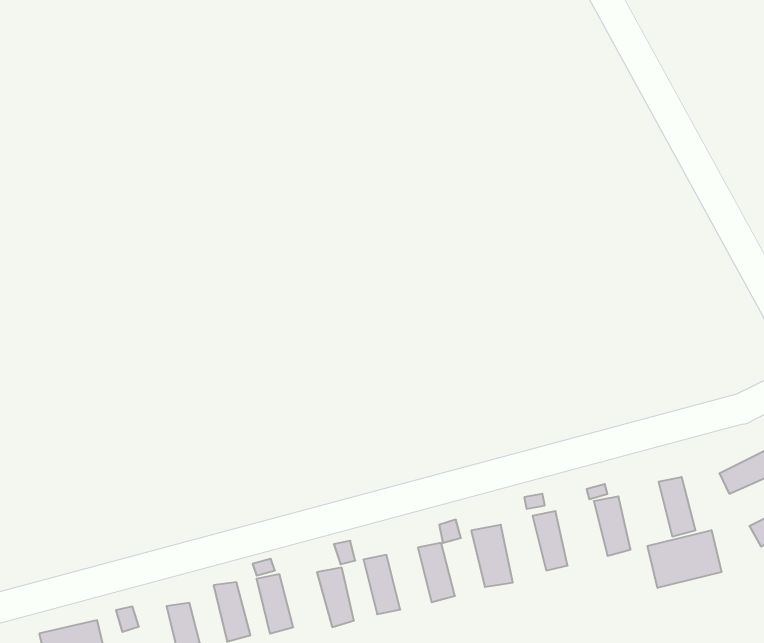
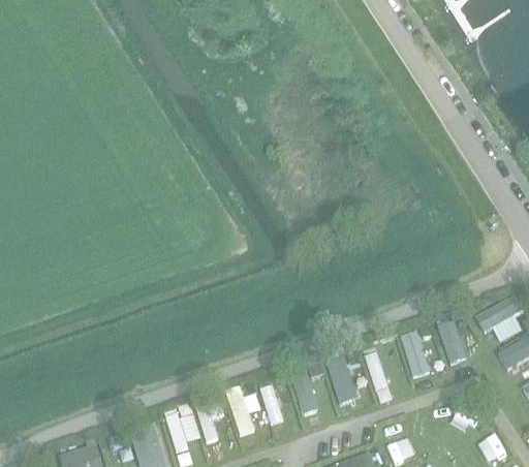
building: [648,530,721,588] -> none

